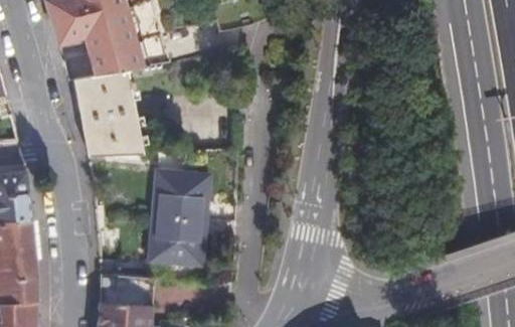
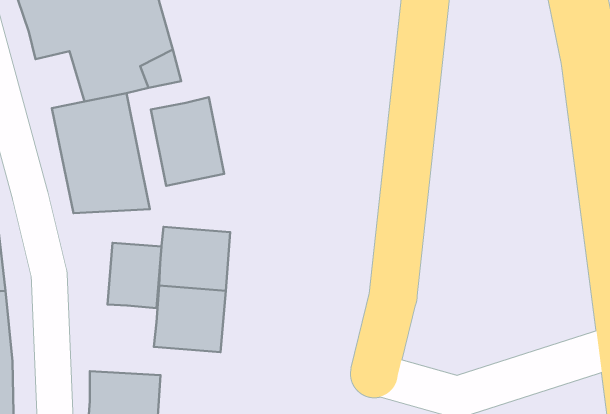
building: none -> [151,97,224,186]
building: none -> [108,243,161,308]

